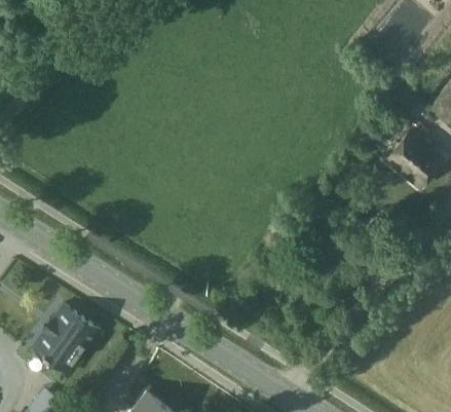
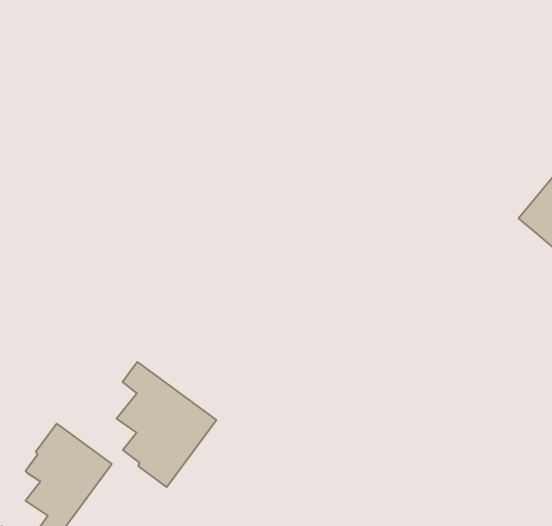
building: none -> [117,362,216,487]

